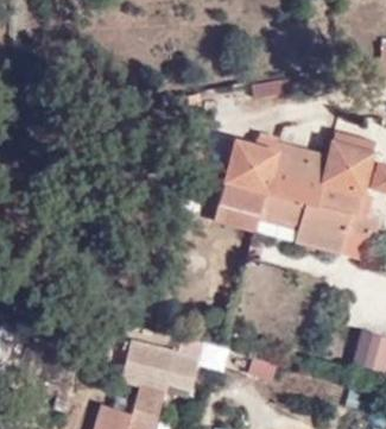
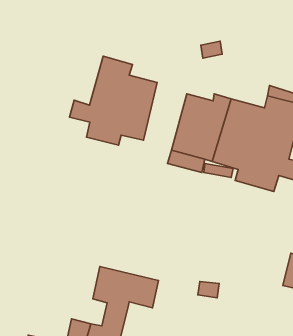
building: none -> [69,56,157,145]

